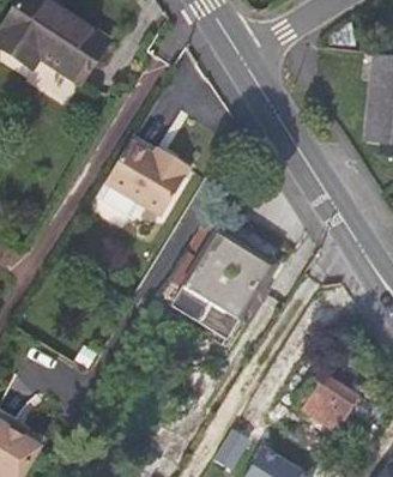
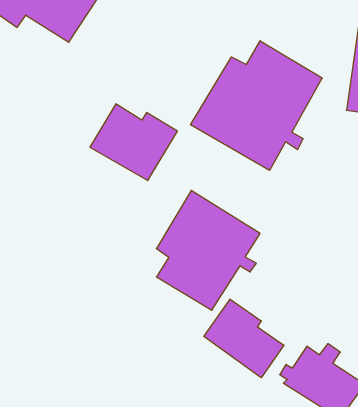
building: none -> [191,41,322,170]
building: none -> [204,299,284,378]

